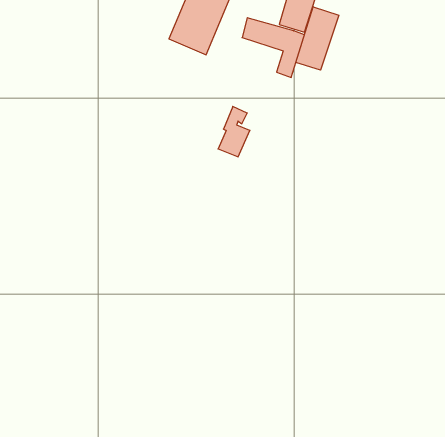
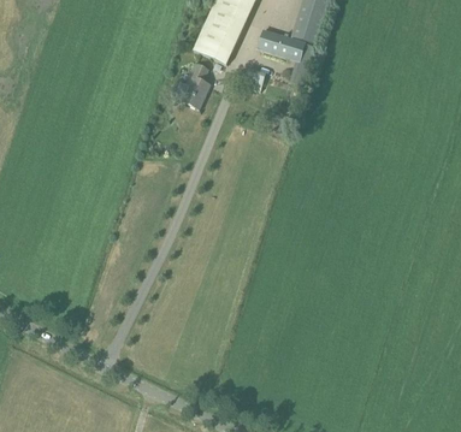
building: [296,7,339,70] -> none
building: [218,106,250,157] -> [183,63,212,108]

